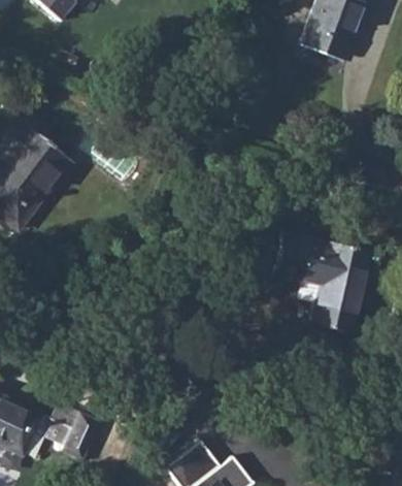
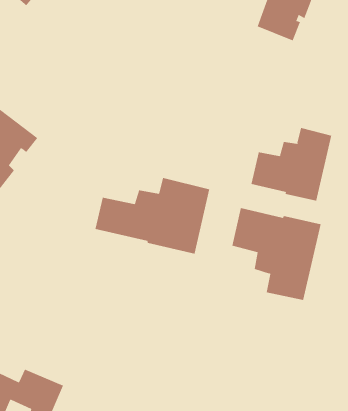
building: none -> [251,127,332,202]
building: none -> [95,177,210,254]

